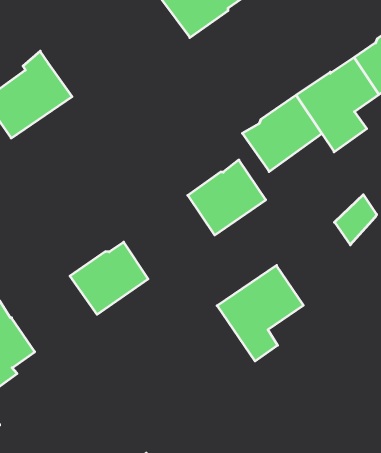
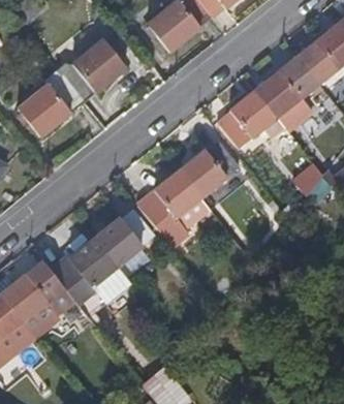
building: none -> [64,42,126,103]
building: [217,265,303,361] -> [134,173,200,247]
building: none -> [49,241,128,320]

